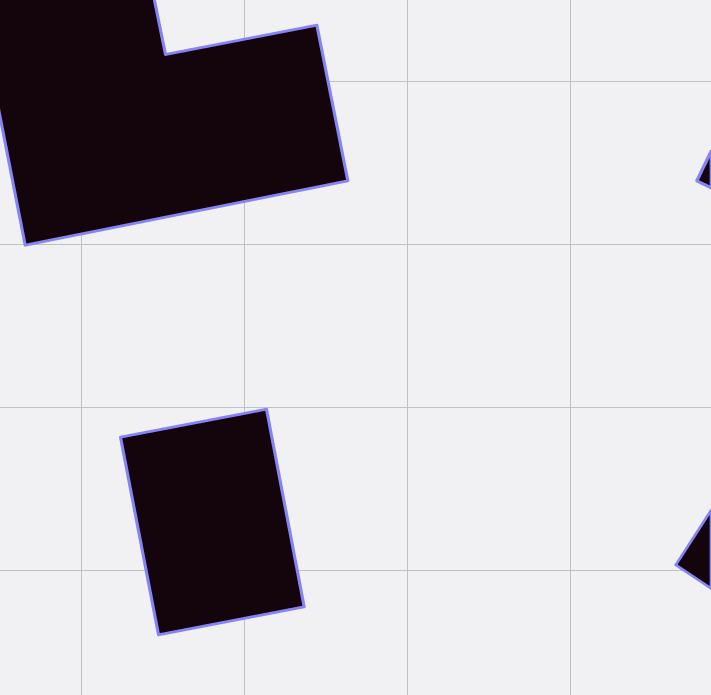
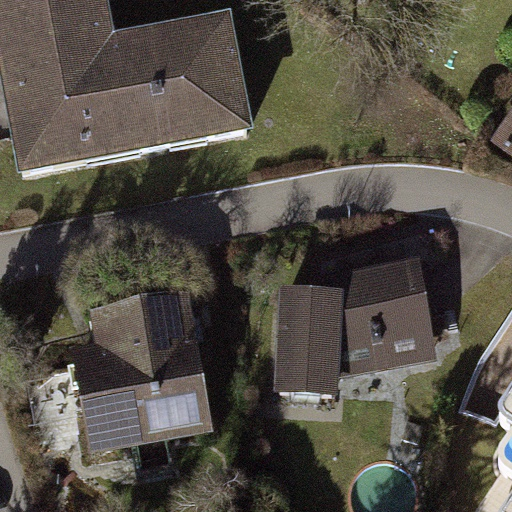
building: none -> [274,257,437,401]

